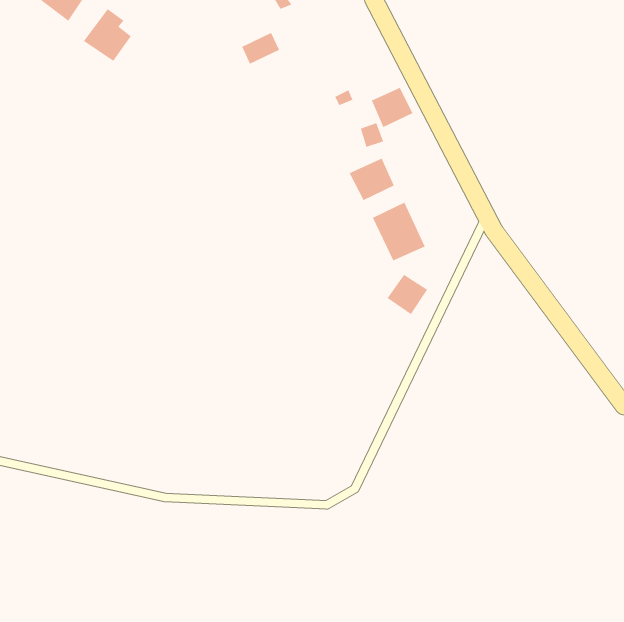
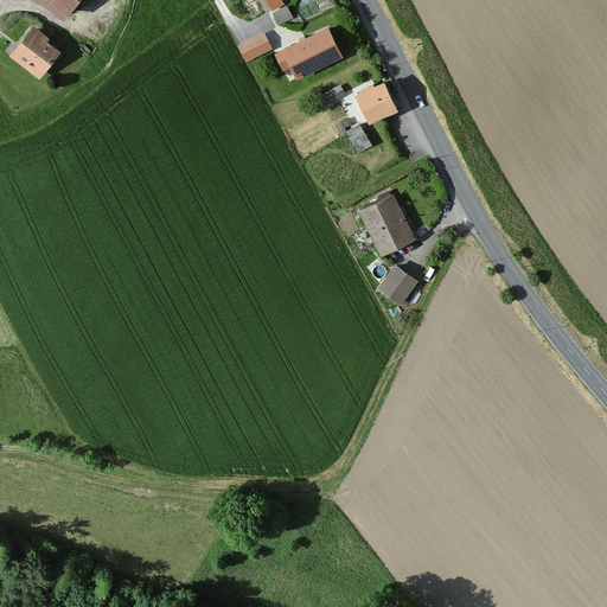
building: [83,8,132,62] -> [8,25,56,77]
building: none -> [277,28,345,79]
building: [349,158,395,201] -> none

